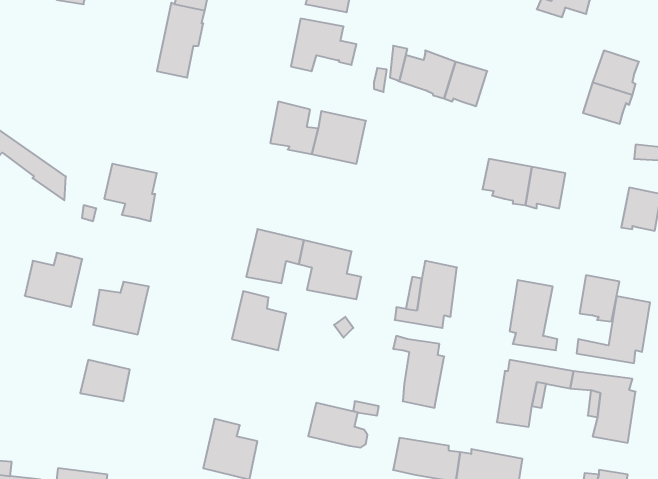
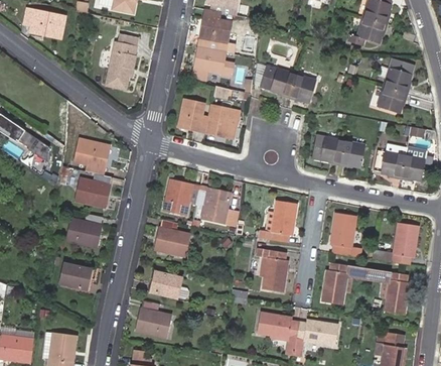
building: [25,253,82,307] -> [76,173,112,208]
building: [580,275,619,321] -> [381,150,406,179]
building: [308,403,367,447] -> [151,271,188,299]

